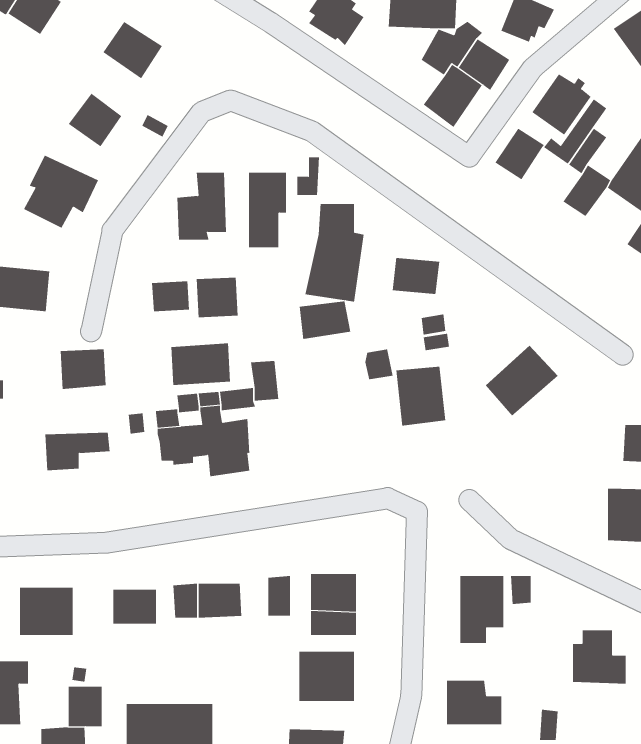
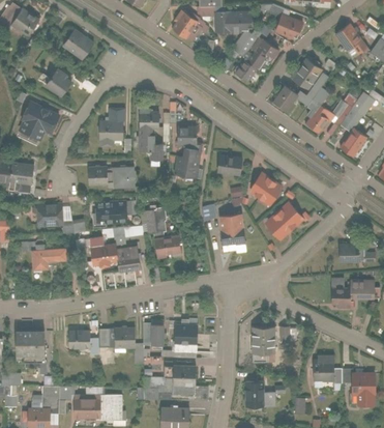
building: none -> [250,172,284,203]
building: [299,301,351,340] -> [153,235,181,256]

